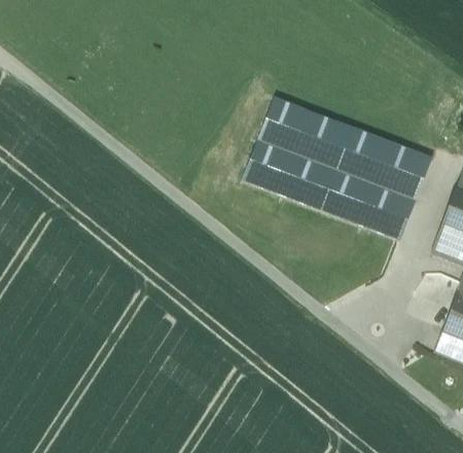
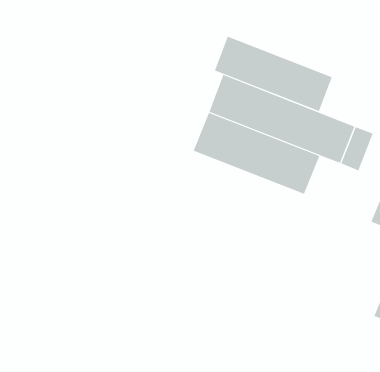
building: none -> [214,36,333,112]
building: [361,182,419,239] -> none

